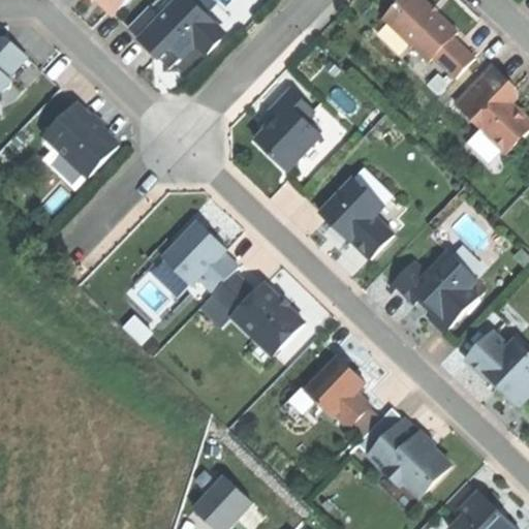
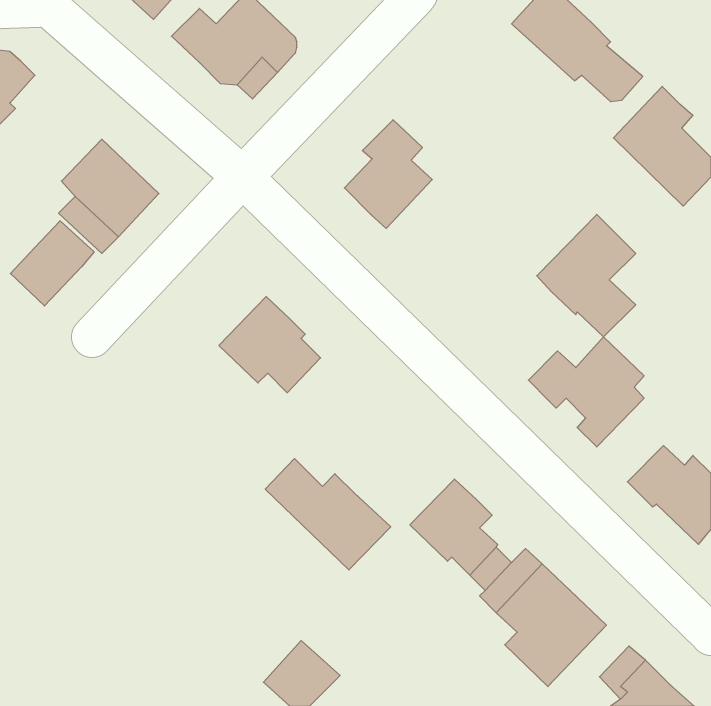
building: none -> [10,221,94,306]
building: [319,166,393,257] -> [537,214,636,337]
building: [213,271,306,353] -> [265,459,391,570]

